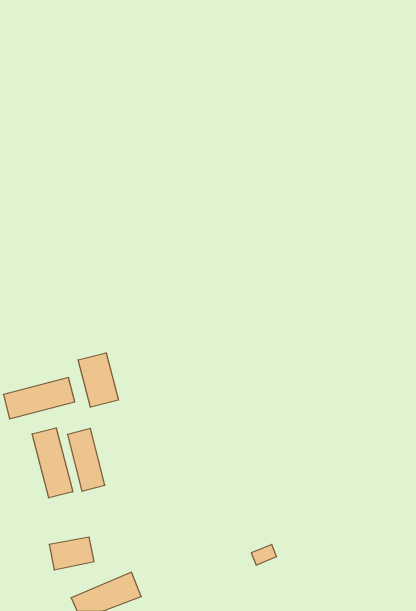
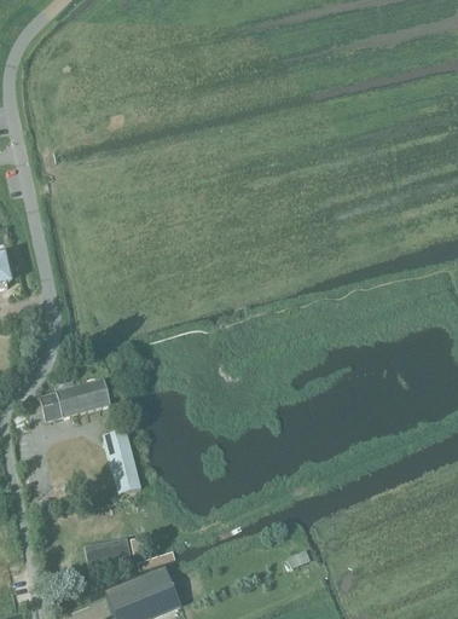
building: [78,353,118,407] -> none
building: [32,428,73,498] -> none

